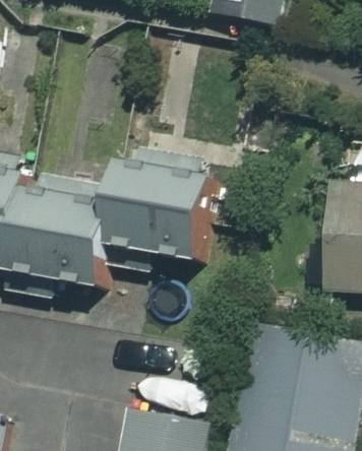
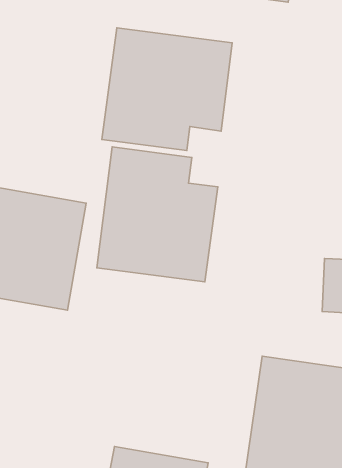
building: none -> [102,28,232,151]

